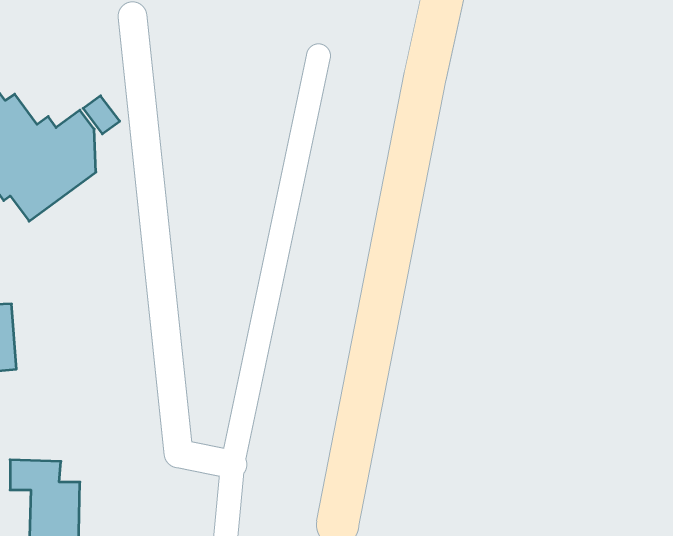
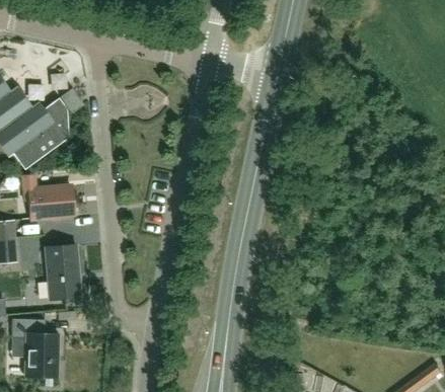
building: none -> [24,173,75,218]
building: none -> [47,244,83,300]

